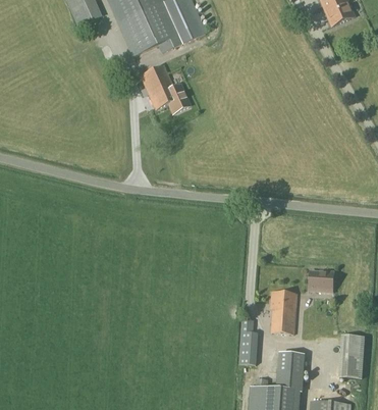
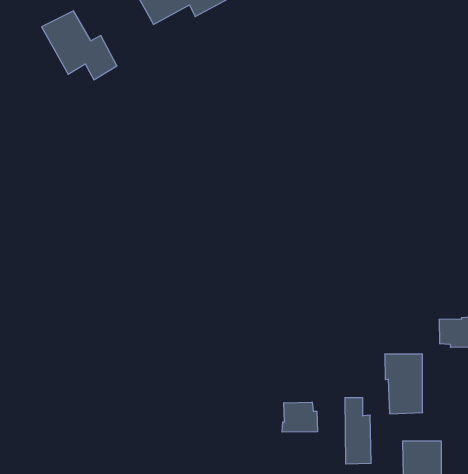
building: [140,65,188,113] -> [42,11,117,80]
building: none -> [282,402,317,432]

